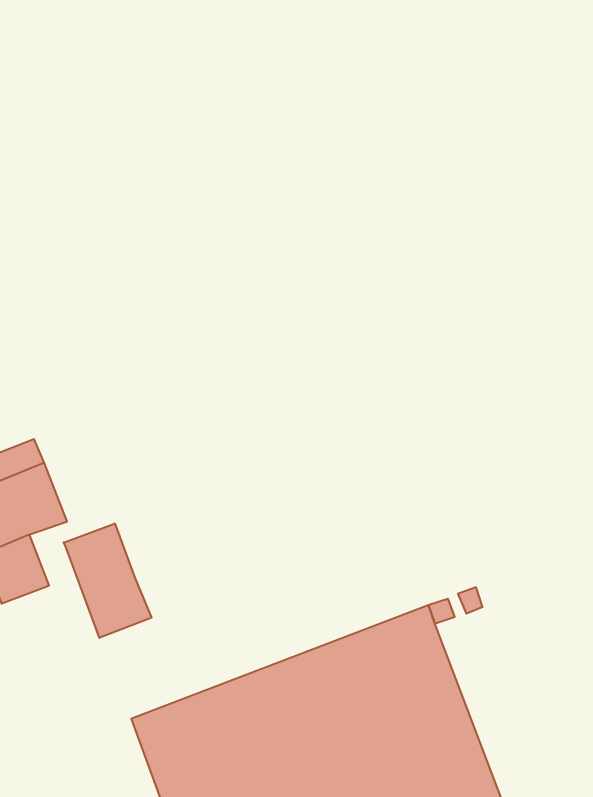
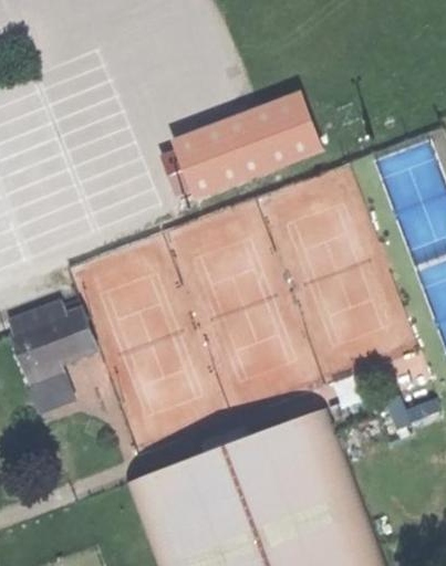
building: none -> [158,92,322,196]
building: [64,523,152,638] -> none

